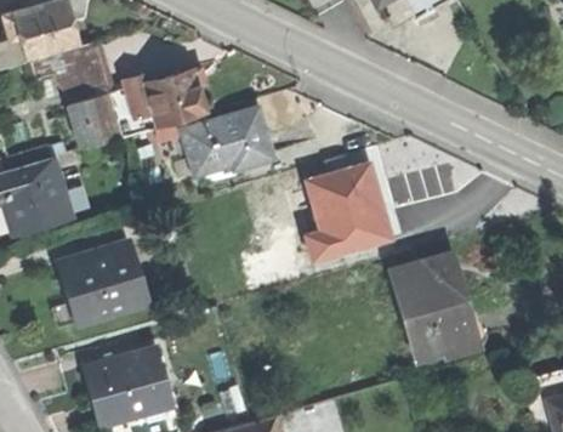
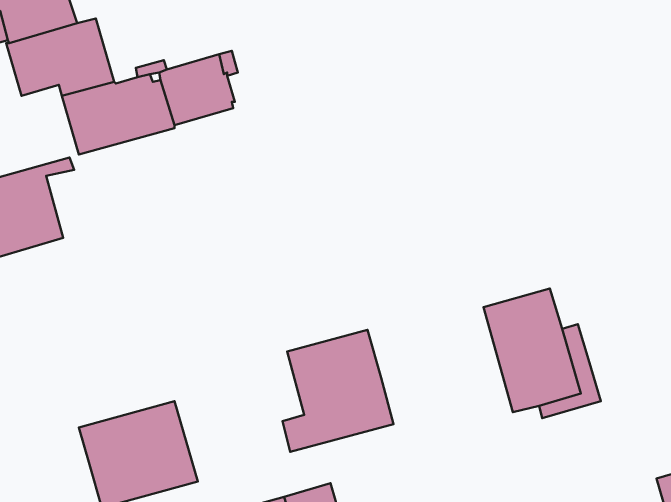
building: [180,109,272,171] -> none
building: [305,161,392,257] -> [282,330,394,452]
building: [59,241,147,323] -> none

